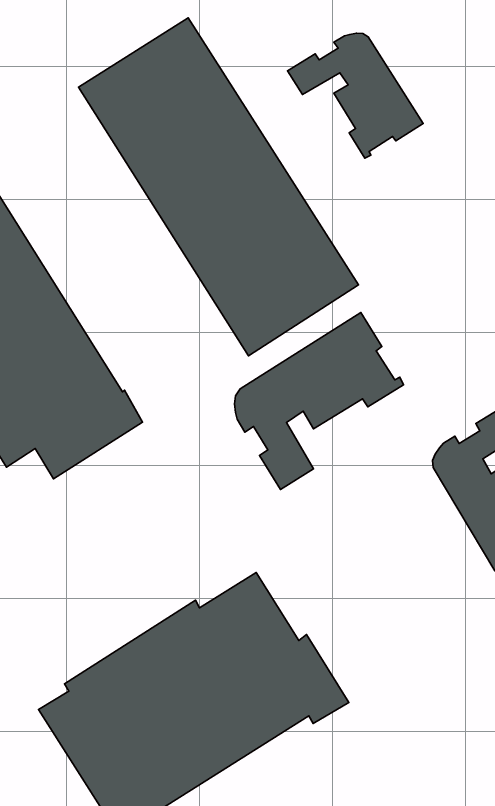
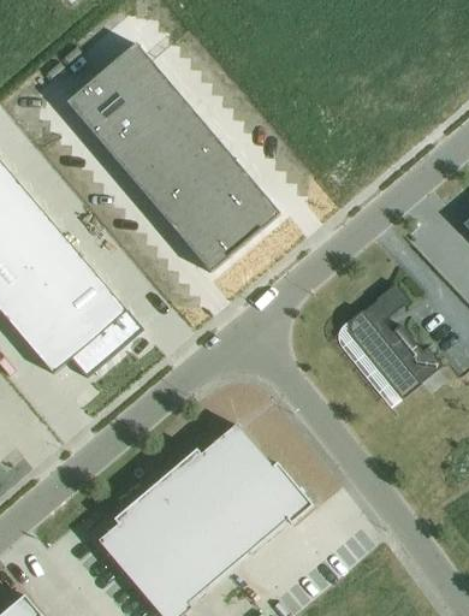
building: [288,33,423,158] -> none
building: [234,313,403,489] -> none

